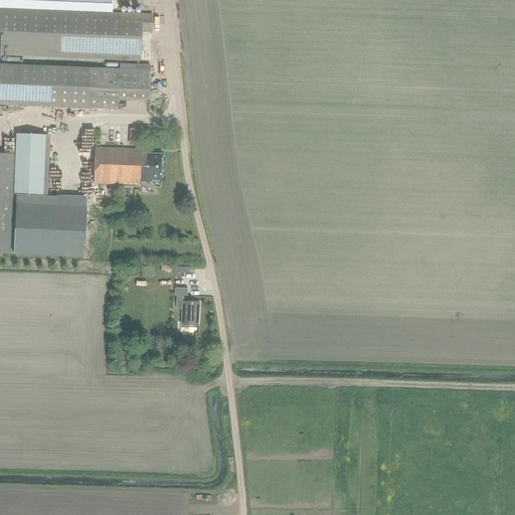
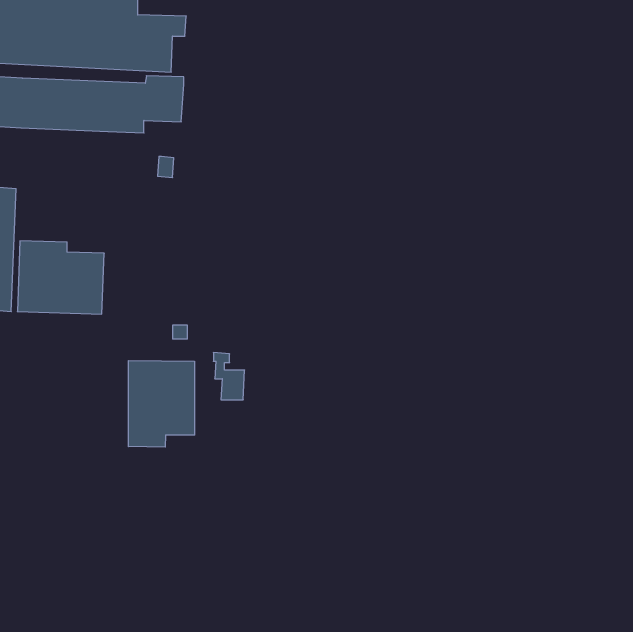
building: [13,131,45,194] -> none
building: [94,146,160,183] -> none
building: none -> [128,361,195,447]

